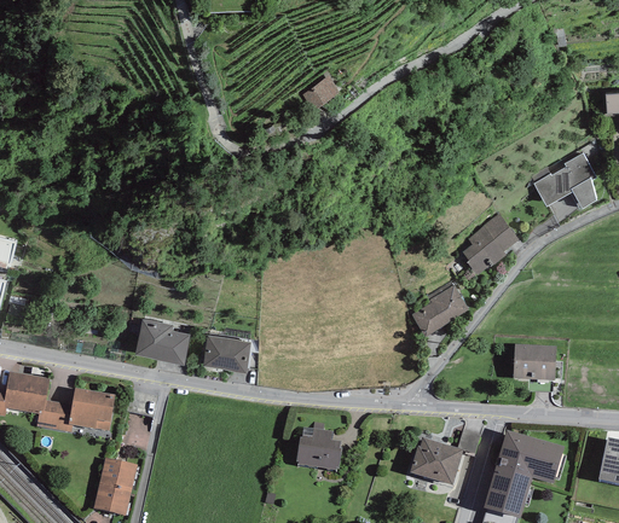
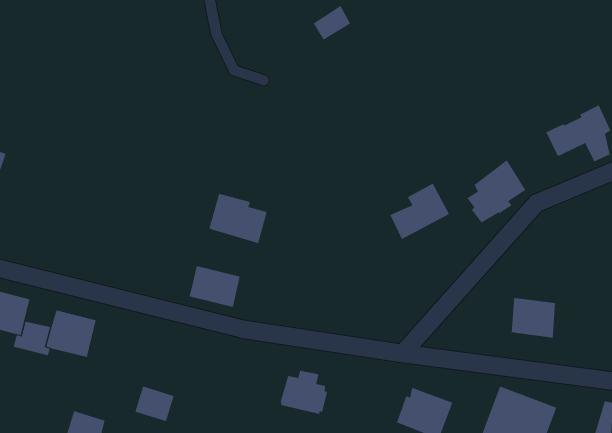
building: [411,279,469,336] -> [389,183,450,240]
building: [134,319,190,365] -> [208,193,268,244]
building: [99,457,137,489] -> [134,386,175,422]

